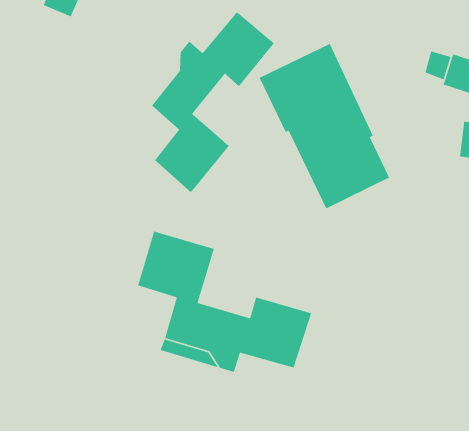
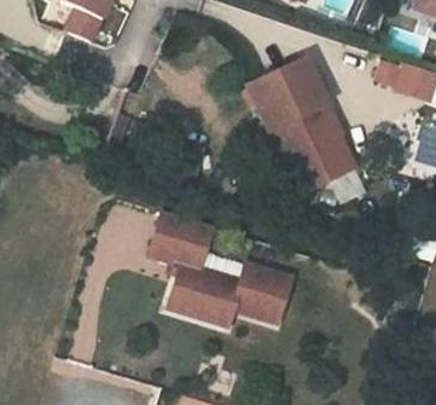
building: [151,11,275,193] -> none

